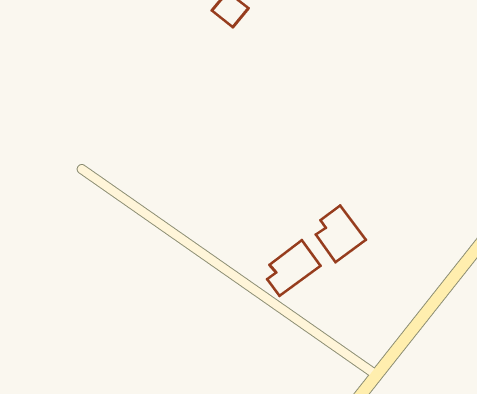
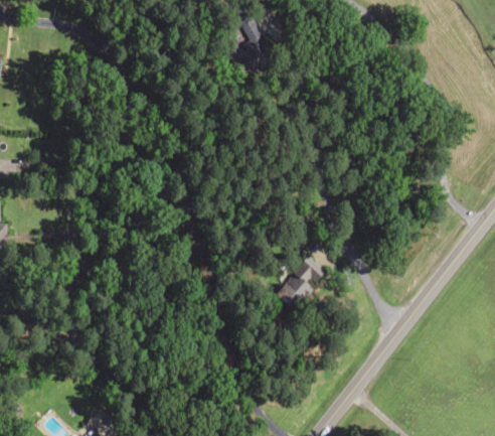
building: [316,206,366,262] -> none

